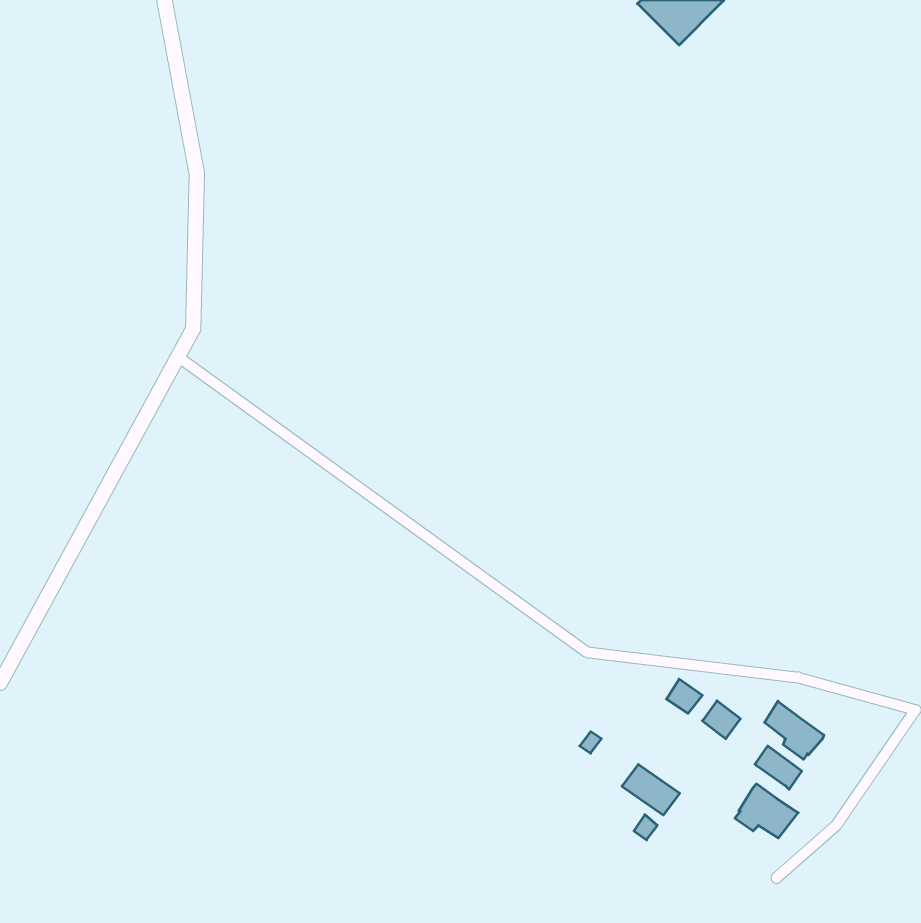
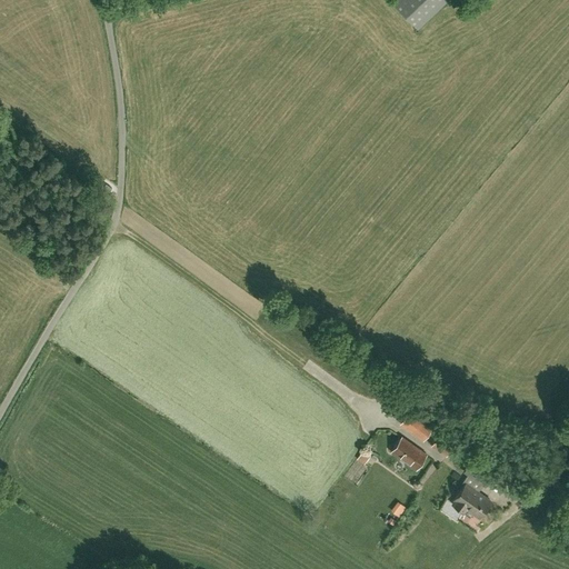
building: [765,701,824,759] -> none
building: [622,764,680,815] -> [392,437,428,468]

